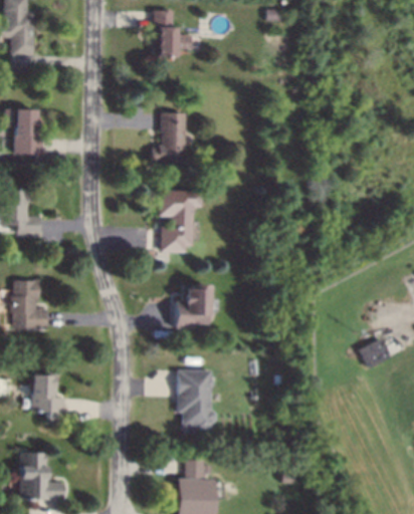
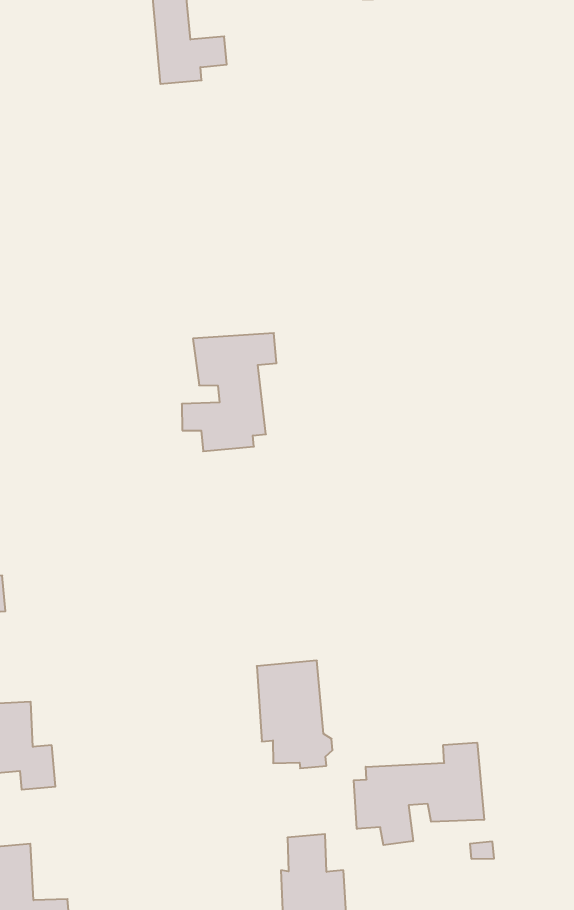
building: [153,113,185,162] -> none
building: [172,293,211,330] -> none
building: none -> [354,743,484,845]

